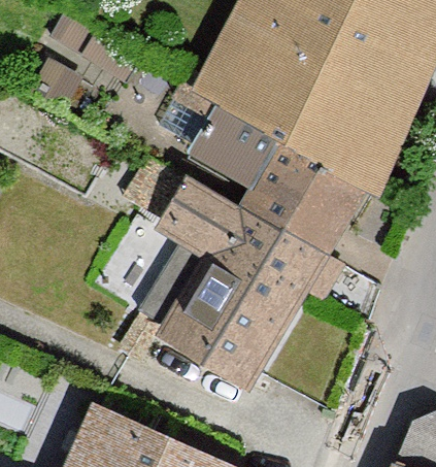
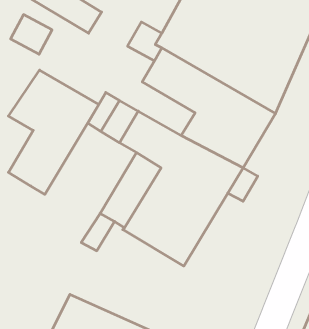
building: none -> [8,70,99,194]

